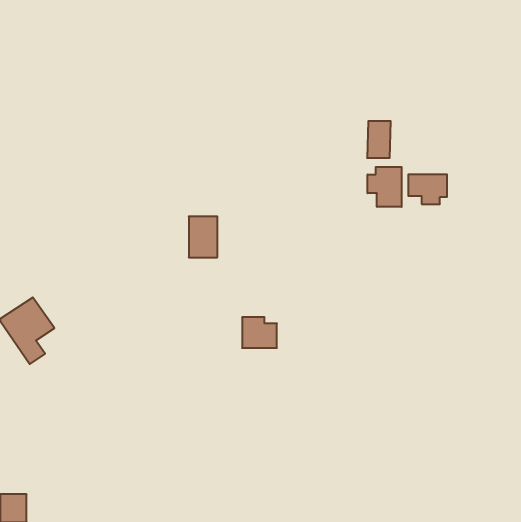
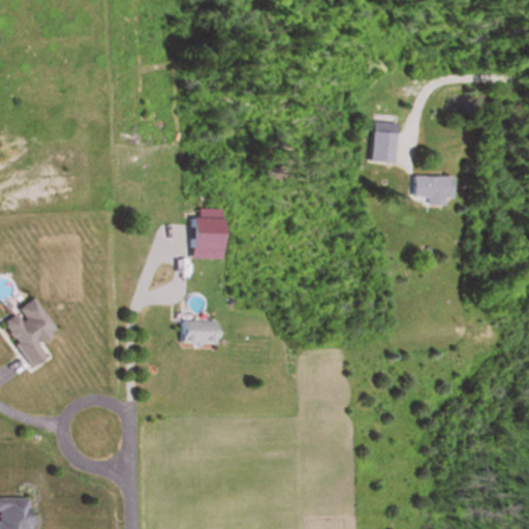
building: [368,167,402,207] -> none
building: [242,317,277,348] -> [182,313,217,344]

